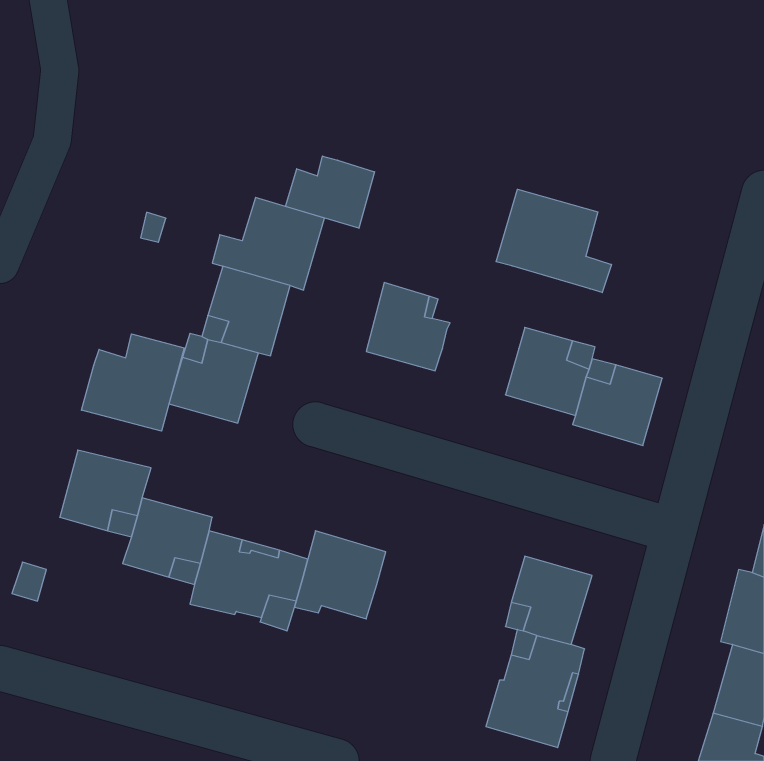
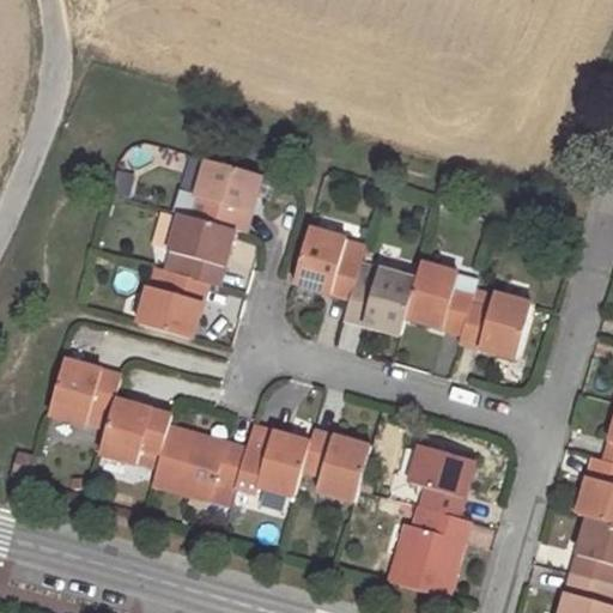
building: [286,156,375,228] -> none
building: [496,189,611,293] -> none
building: none -> [344,263,415,333]
building: [81,334,184,431] -> none
building: none -> [302,430,369,499]

